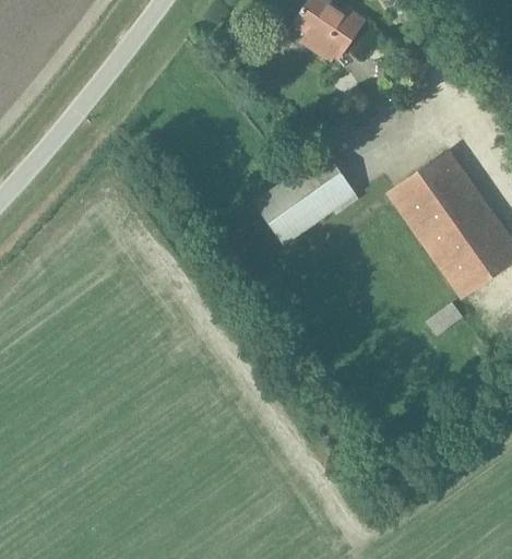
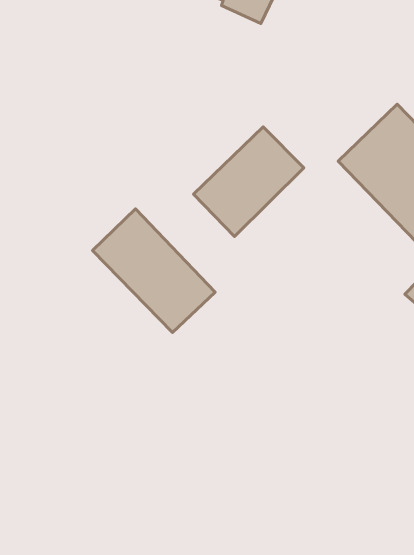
building: none -> [93,209,215,332]

